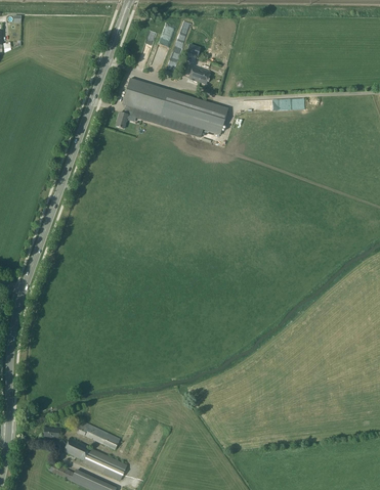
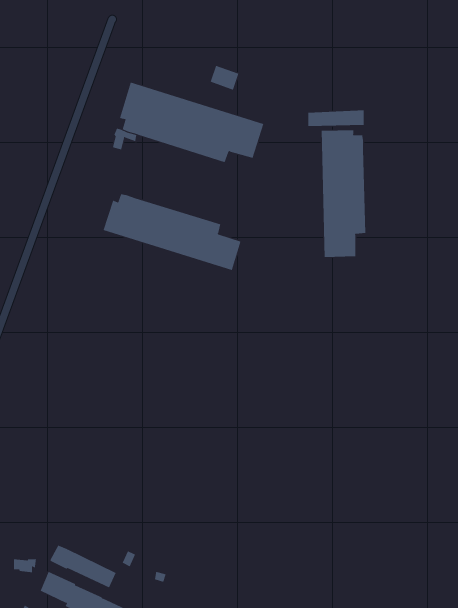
building: none -> [321,129,366,258]
building: none -> [103,194,241,271]

